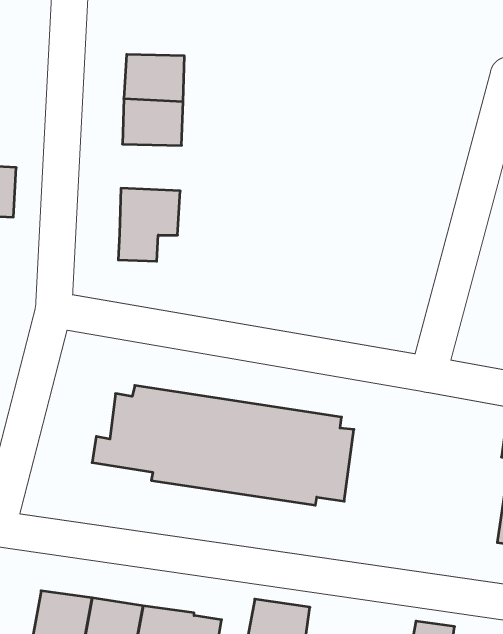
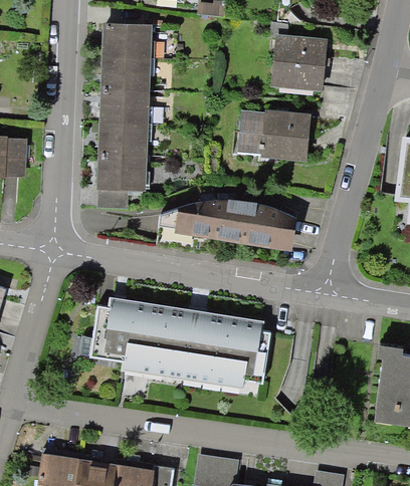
building: none -> [105,26,148,60]
building: none -> [273,41,325,88]
building: none -> [238,112,310,160]
building: none -> [100,125,145,159]
building: none -> [159,196,293,247]

